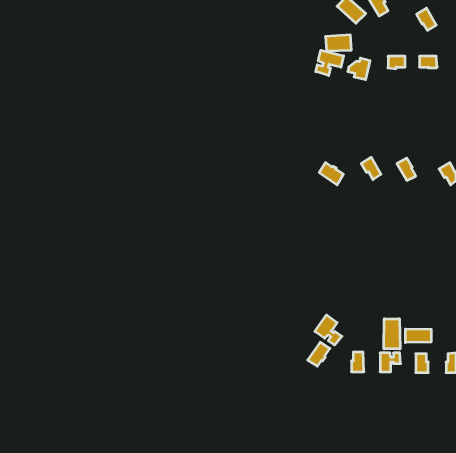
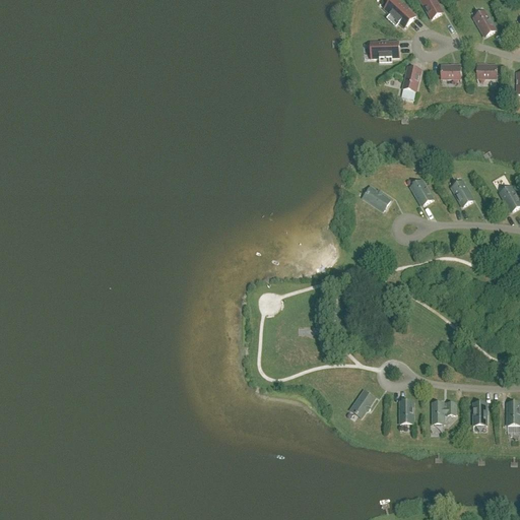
building: [316,50,344,76] -> none
building: [315,315,342,345] -> none
building: [384,319,400,349] -> none
building: [405,329,431,343] -> none

